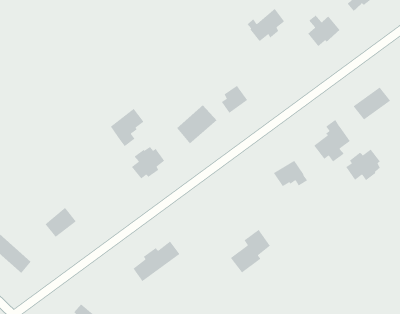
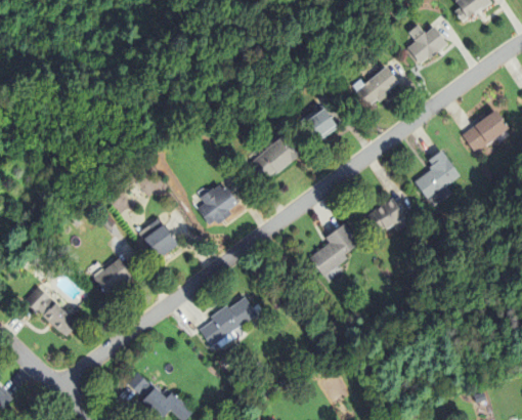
building: [247,8,285,42] -> [352,67,398,108]
building: [110,108,144,147] -> none
building: [345,149,381,181] -> none
building: none -> [138,217,178,258]
building: [230,229,271,273] -> [309,221,358,275]

